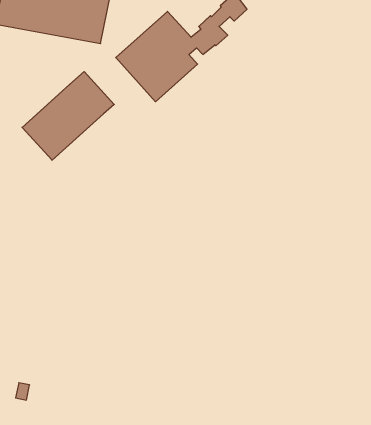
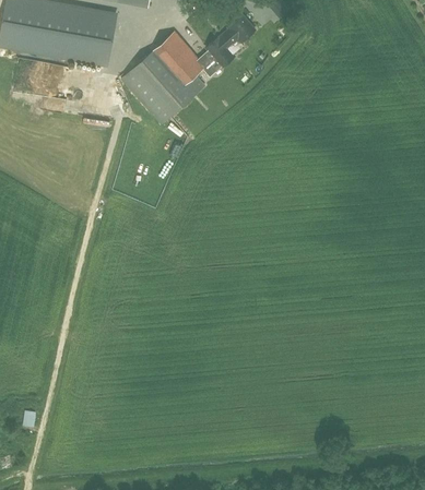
building: [22,72,114,160] -> none

